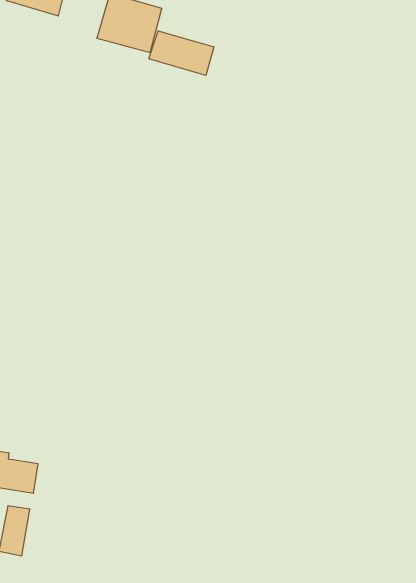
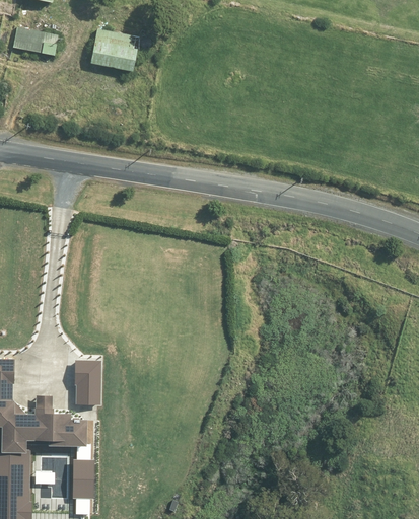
building: [149,31,214,75] -> none
building: none -> [75,359,100,403]

